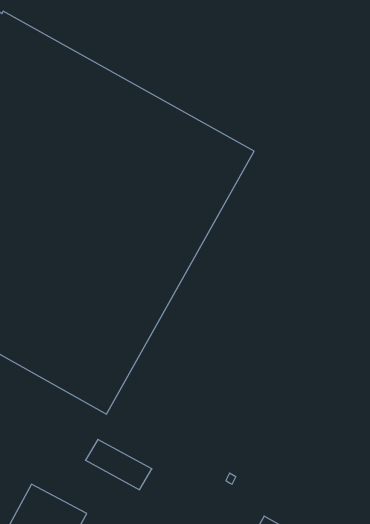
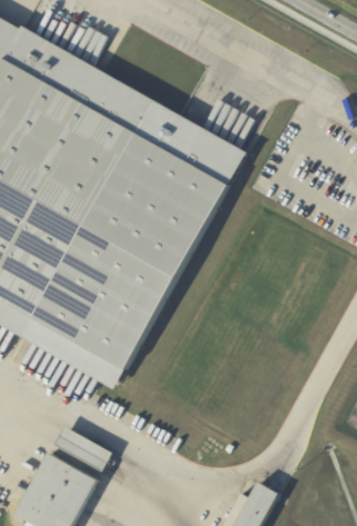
building: [85,439,152,490] -> [52,426,112,472]

